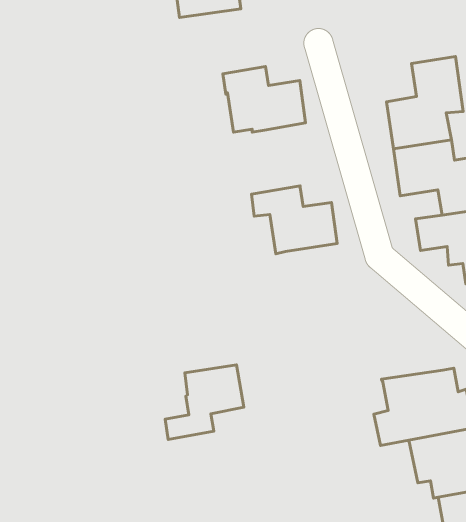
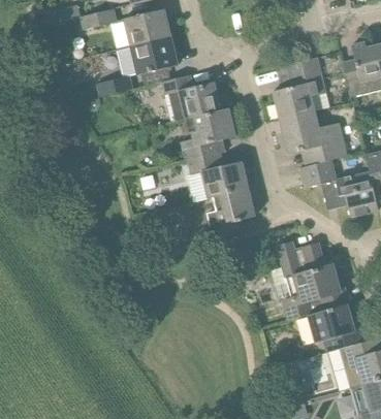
building: none -> [97,37,178,96]
building: none -> [181,107,235,161]
building: none -> [277,241,325,276]
building: [165,365,244,440] -> [203,188,255,241]

